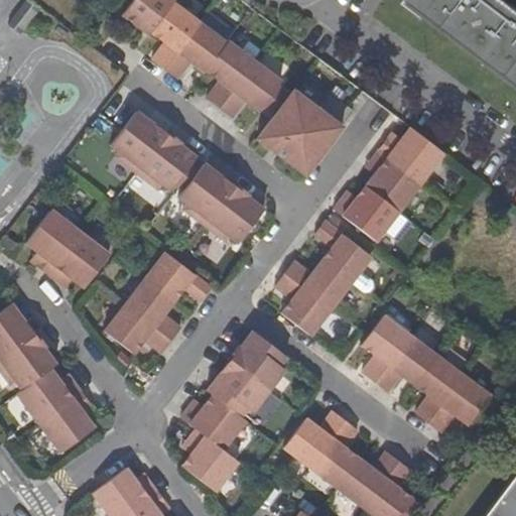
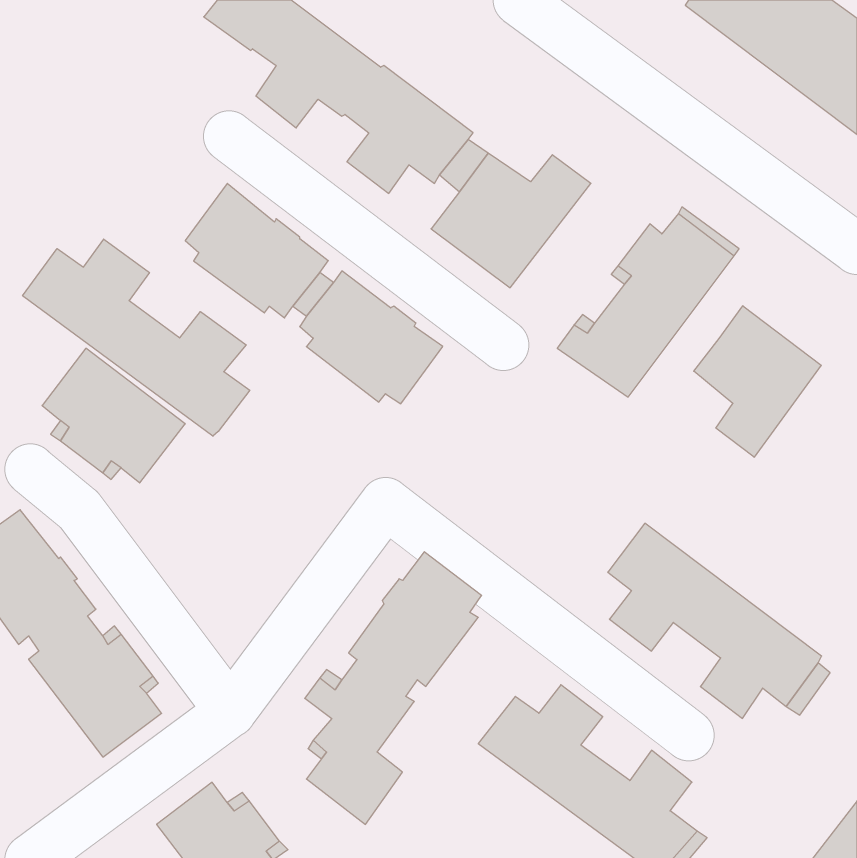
building: none -> [23,239,250,436]
building: none -> [694,306,821,457]
building: [276,221,372,336] -> none
building: [105,252,213,355] -> none

